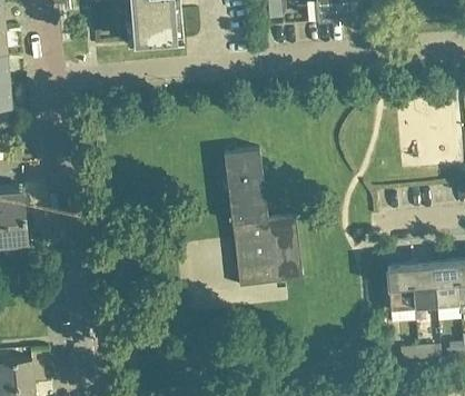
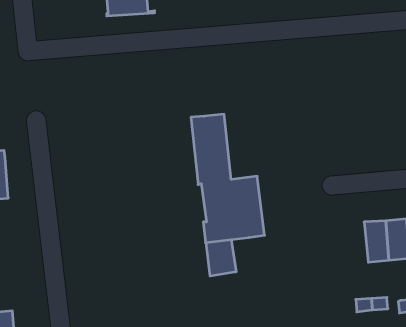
building: [382,265,413,310] -> none
building: none -> [206,240,236,276]

